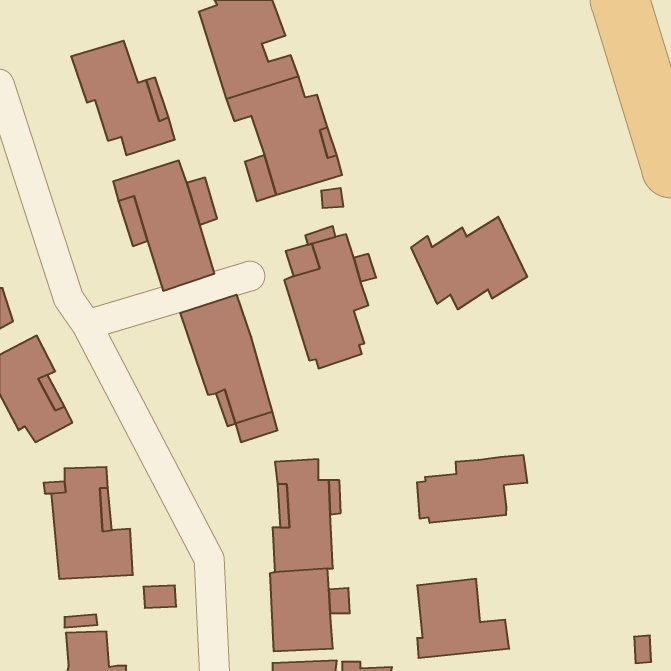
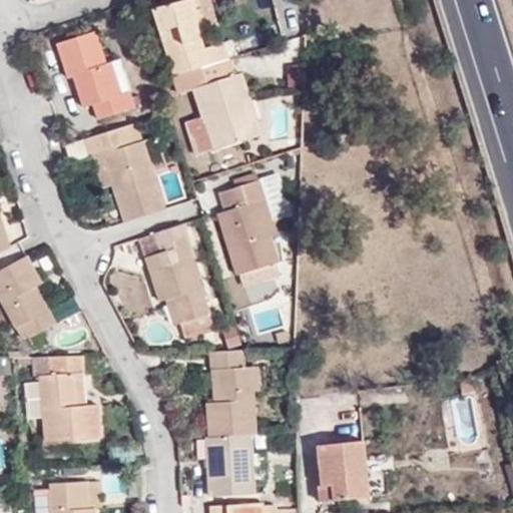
building: [411,217,527,309] -> none
building: [417,455,527,523] -> none

